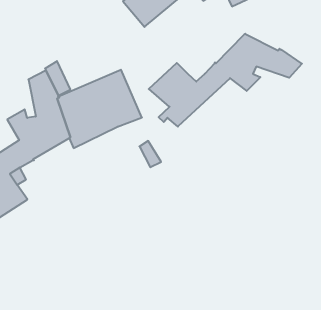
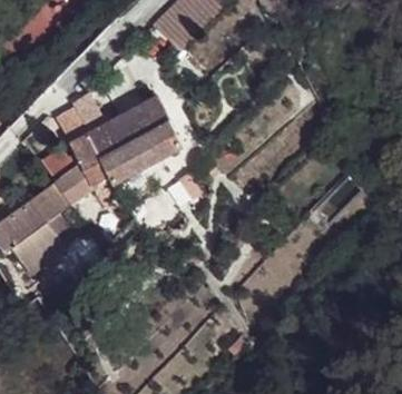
building: [149,34,302,127] -> none

